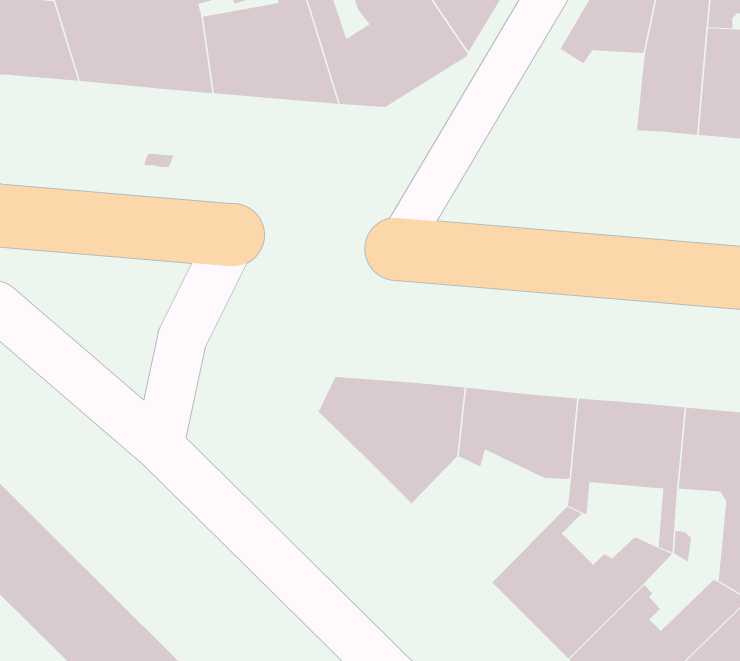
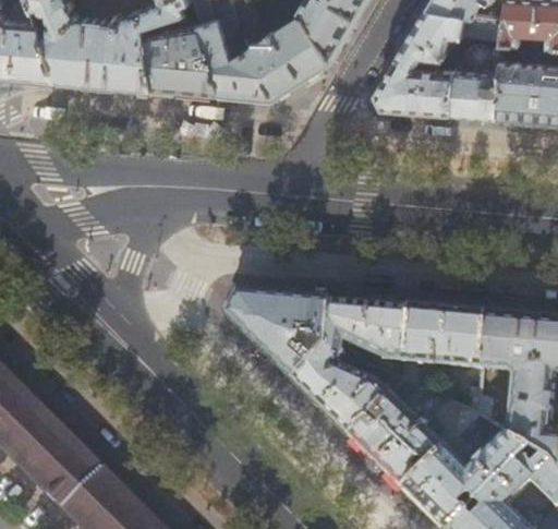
building: none -> [377,58,459,116]
building: none -> [294,347,404,436]

